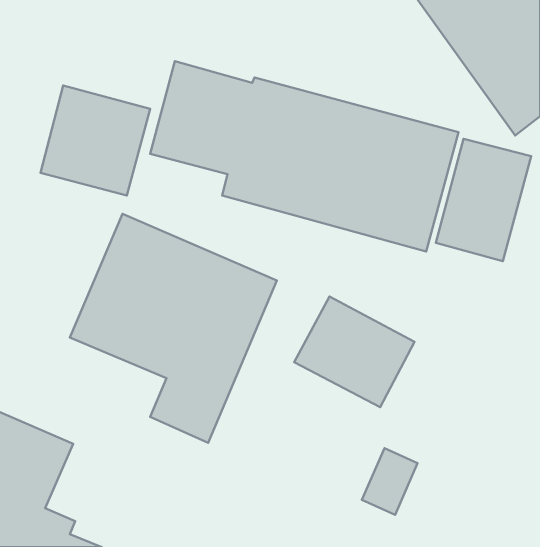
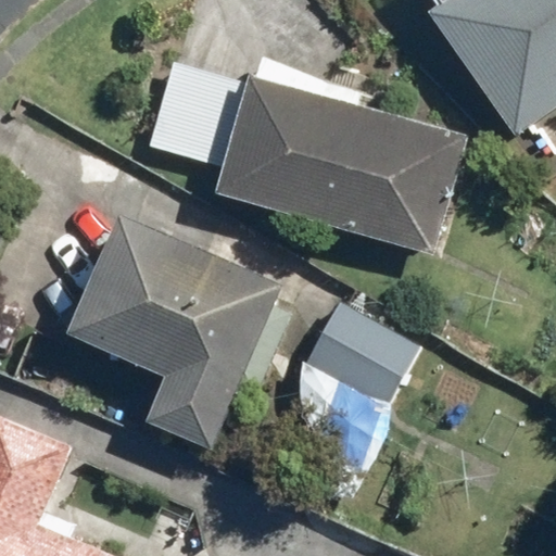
building: [40,85,150,195] -> none
building: [436,139,531,261] -> none

